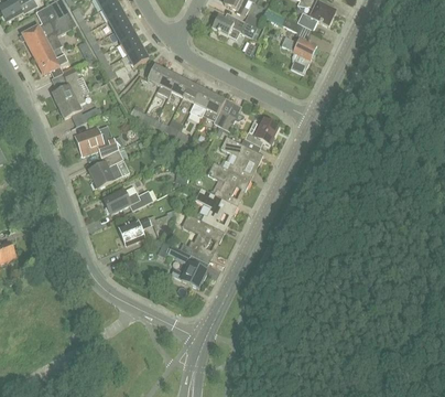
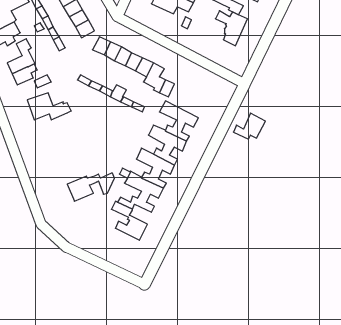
building: [243,116,279,144] -> [233,113,265,139]
building: [88,147,129,186] -> none
building: [104,189,152,212] -> none

